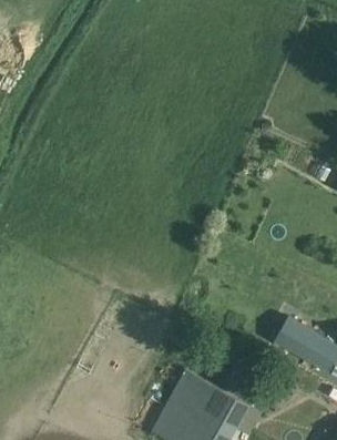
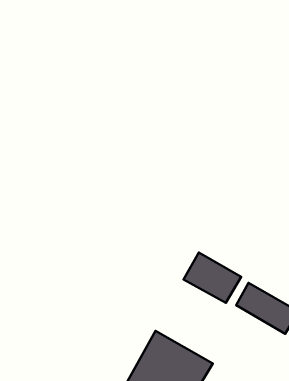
building: none -> [184,253,241,303]

